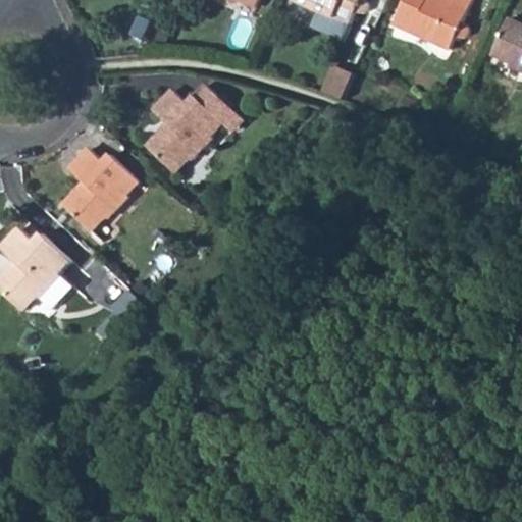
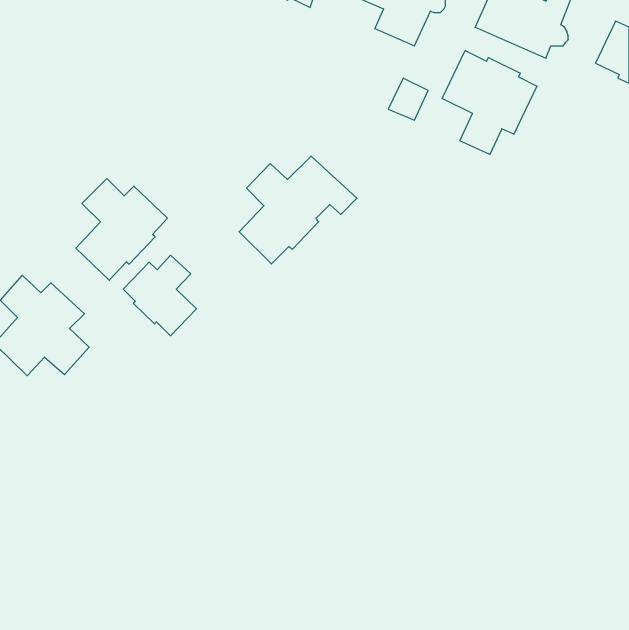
building: none -> [442,50,537,154]
building: [146,83,243,171] -> [239,156,357,264]
building: none -> [123,255,196,336]

